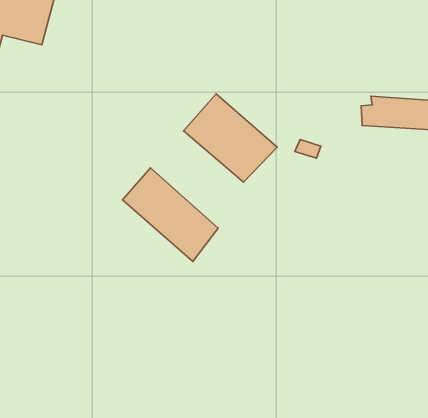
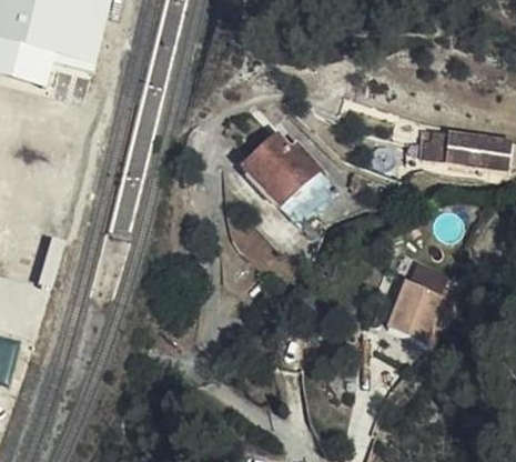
building: [122,168,218,262] -> none
building: none -> [387,278,448,341]

